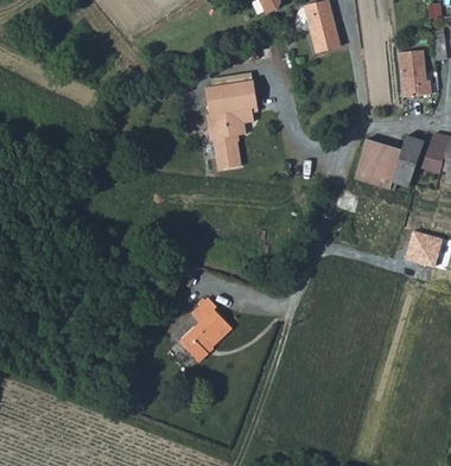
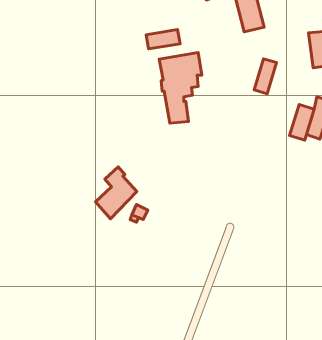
building: none -> [146,30,180,49]
building: [354,139,382,183] -> [254,59,277,94]
building: [177,298,229,363] -> [95,167,137,219]

